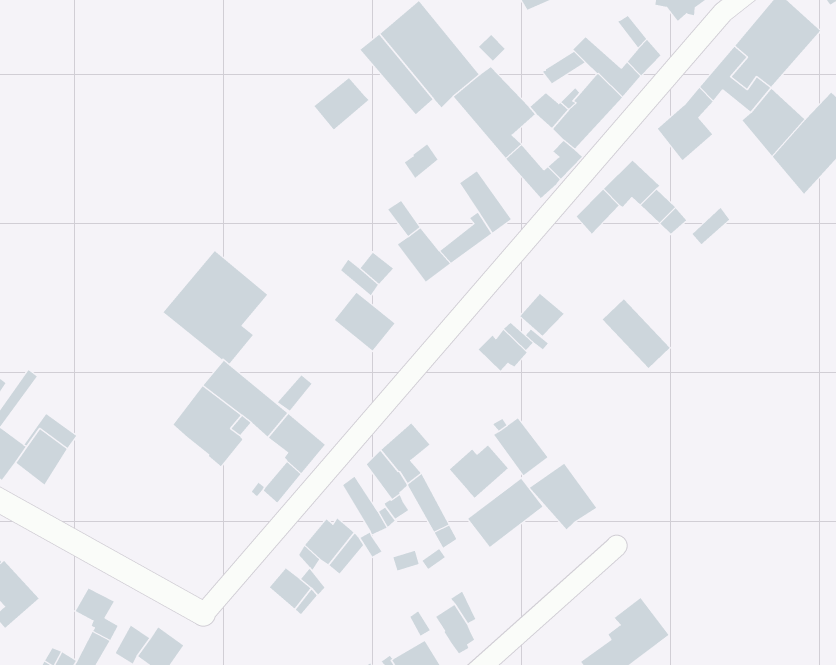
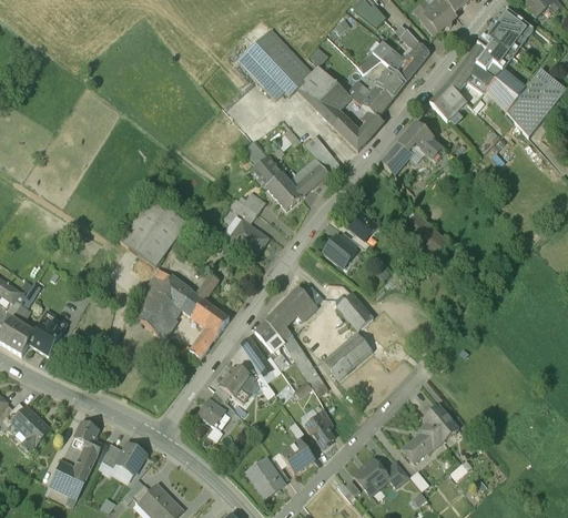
building: [313,77,370,131] -> none
building: [449,444,509,499] -> [283,283,322,318]
building: [529,463,597,530] -> none

